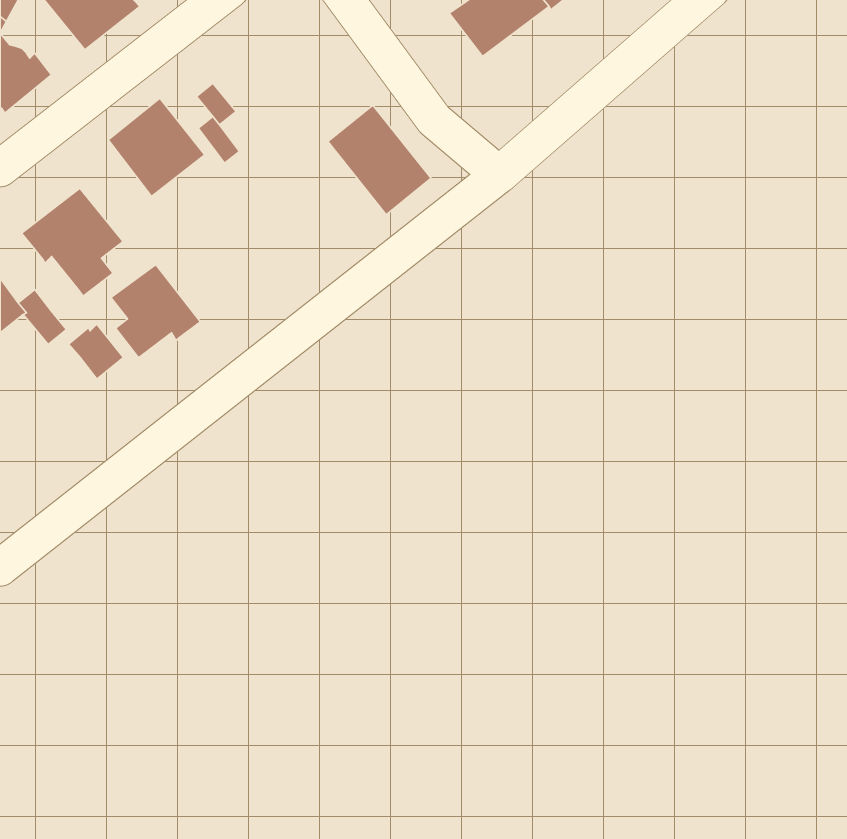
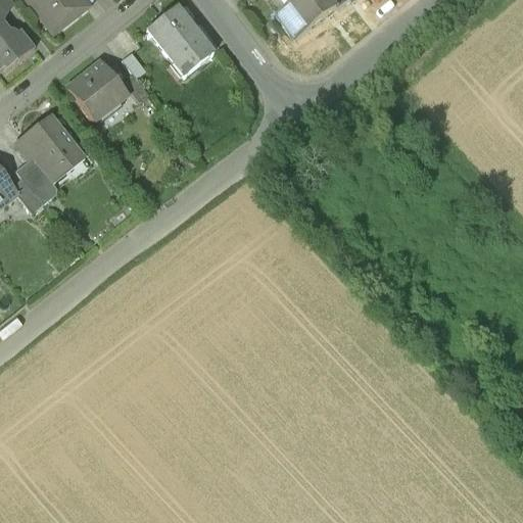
building: [328,105,431,215] -> [149,6,212,74]
building: [111,264,201,358] -> none
building: [68,324,123,379] -> [16,157,50,191]

